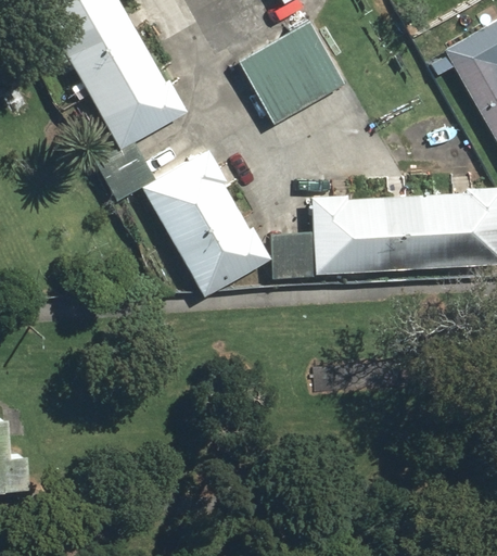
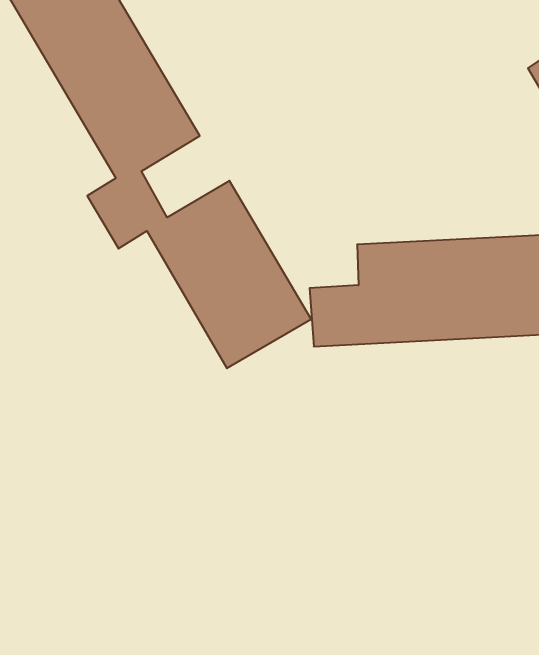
building: [235,18,346,124] -> none

